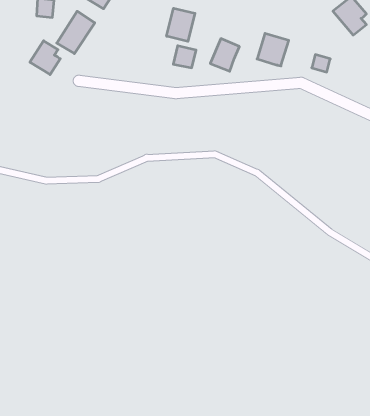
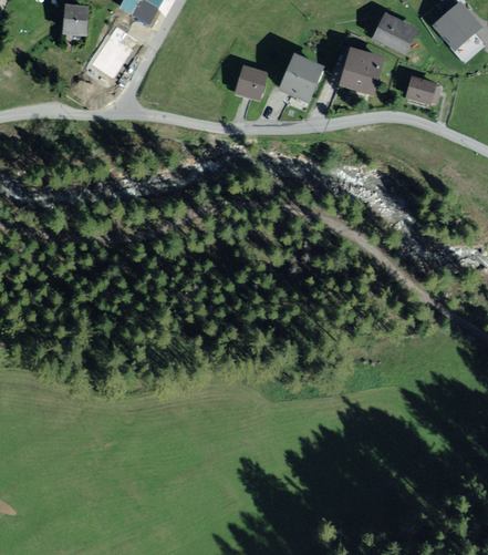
building: none -> [376,16,413,50]
building: [167,8,195,41] -> none
building: [30,41,60,75] -> none

